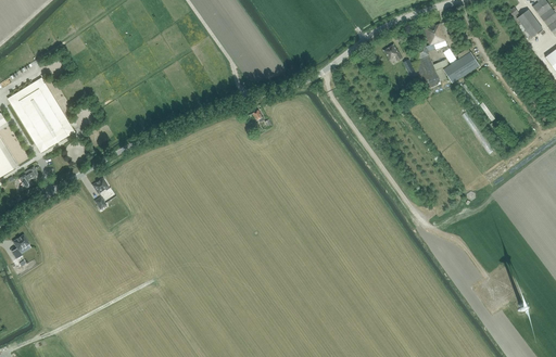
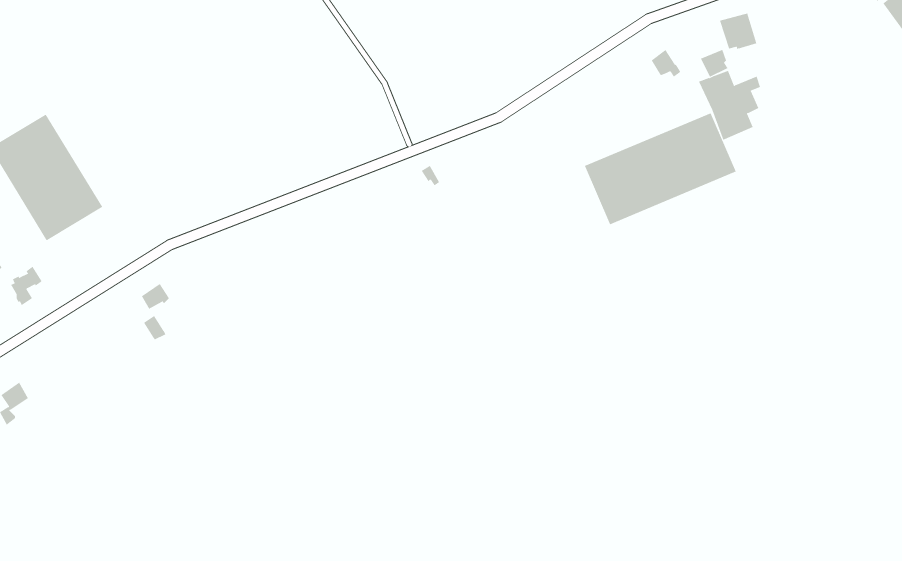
building: [442,44,480,81] -> none
building: none -> [584,112,737,225]

